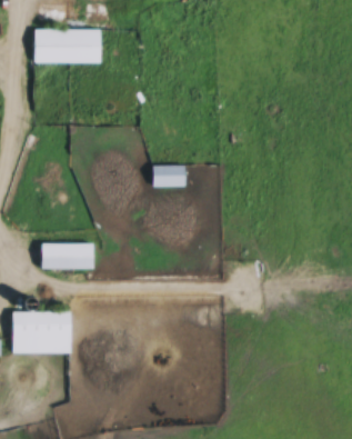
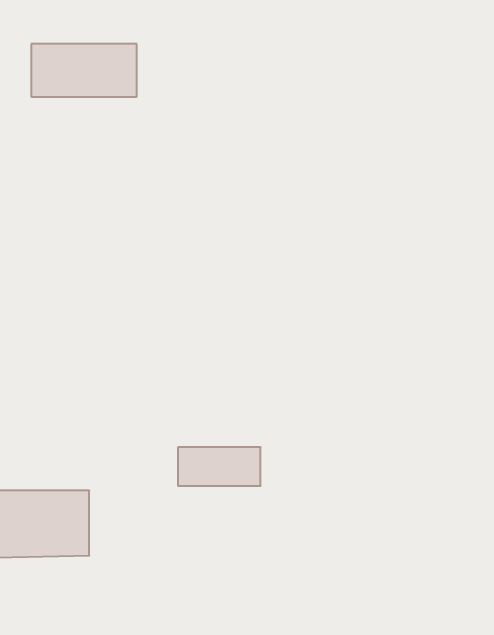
building: [151,166,185,186] -> none
building: [41,243,93,268] -> [178,447,261,486]

